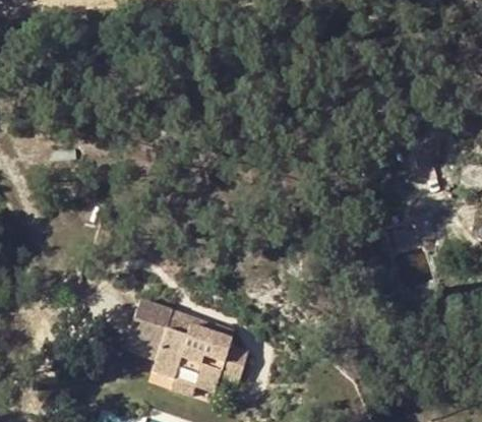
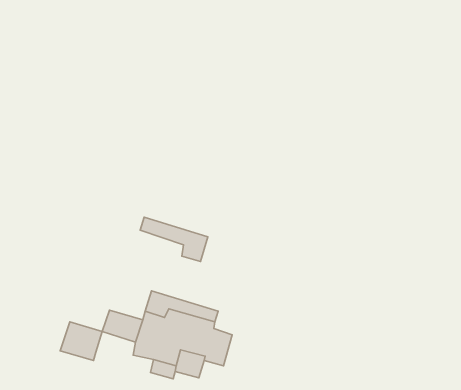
building: none -> [140,217,208,261]
building: [131,299,171,336] -> [60,322,102,361]

